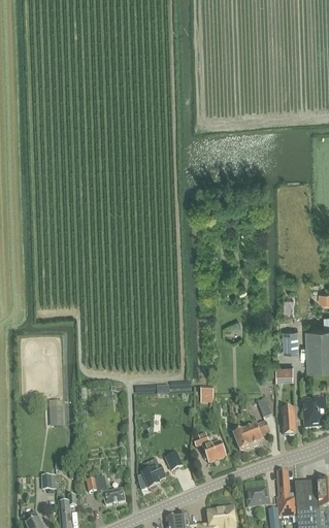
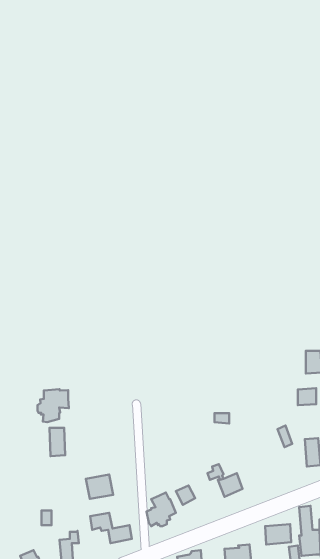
building: none -> [37,389,69,422]
building: [232,422,269,451] -> none
building: none -> [86,475,113,499]

